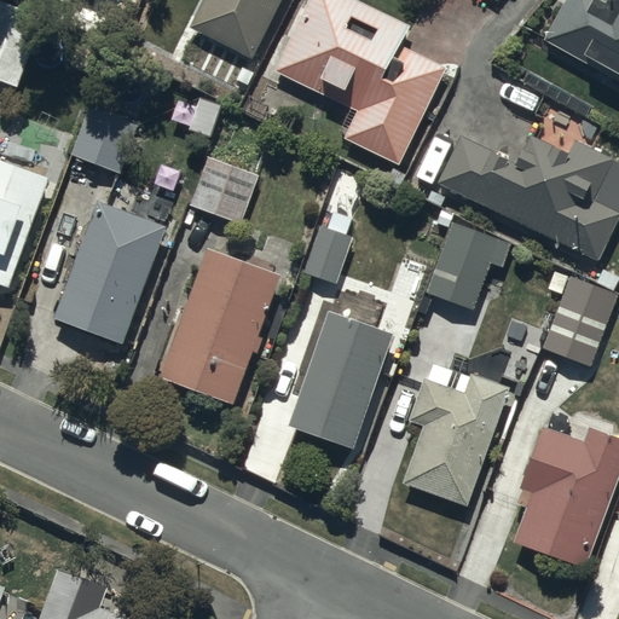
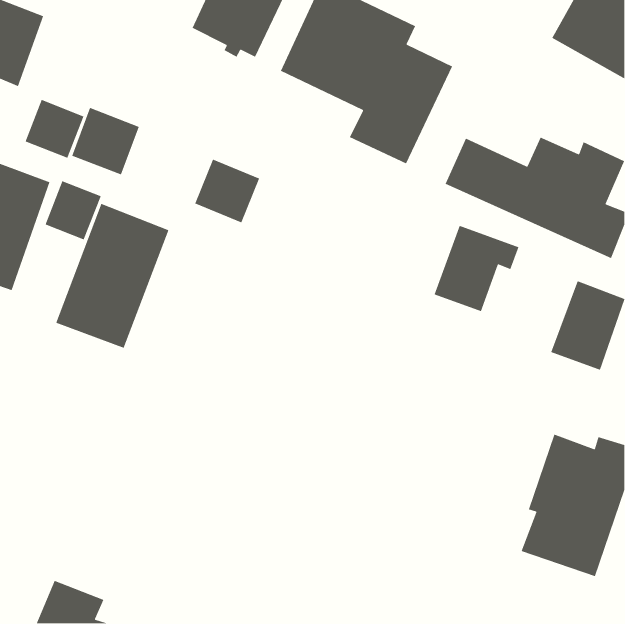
building: none -> [24,99,85,159]
building: none -> [44,180,102,241]
building: [303,210,352,282] -> none
building: [160,249,279,405] -> none
building: [288,312,393,449] -> none
building: [404,351,509,507] -> none

